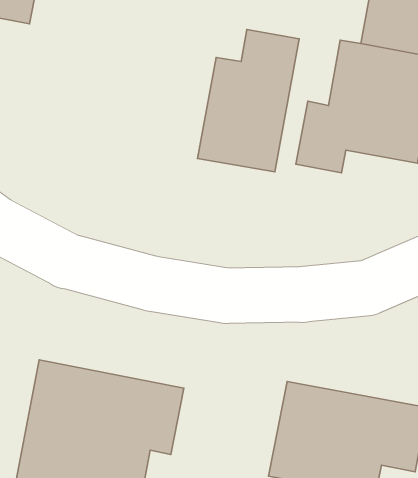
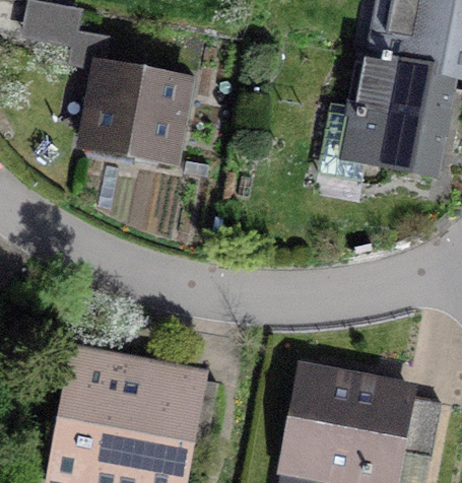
building: [197,29,299,172] -> none
building: none -> [81,61,184,159]

